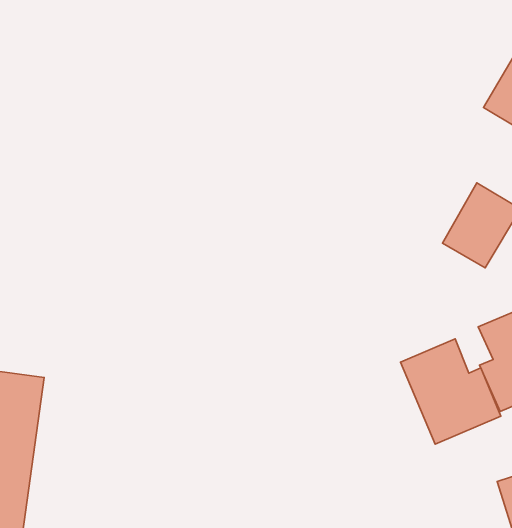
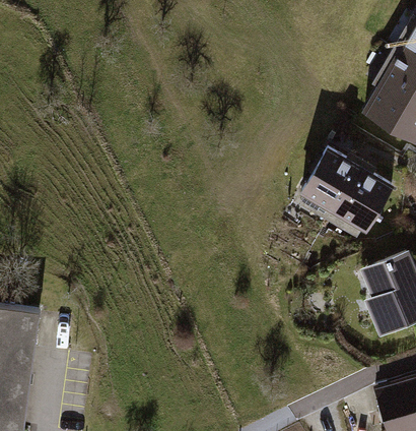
building: none -> [301,149,359,212]
building: [401,339,501,444] -> none

